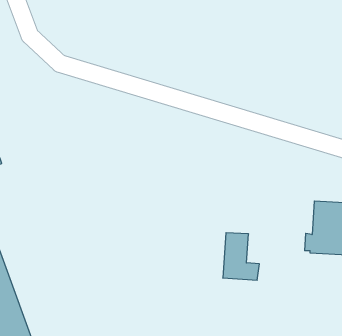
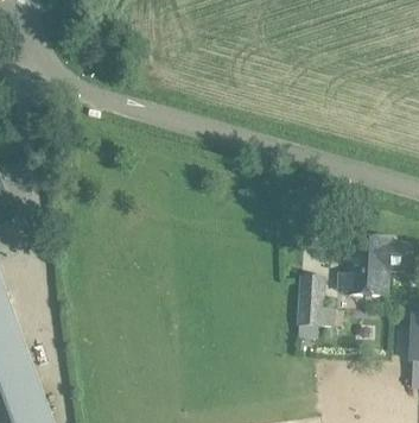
building: [223,233,259,280] -> [297,274,337,327]

